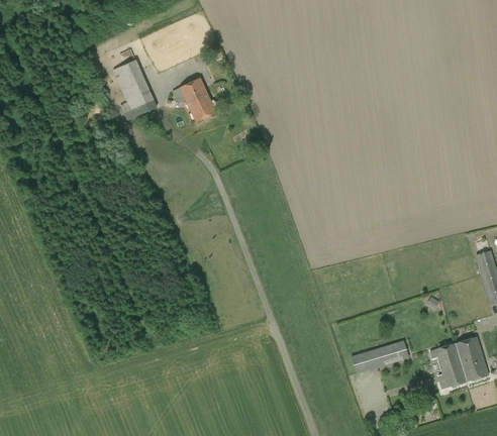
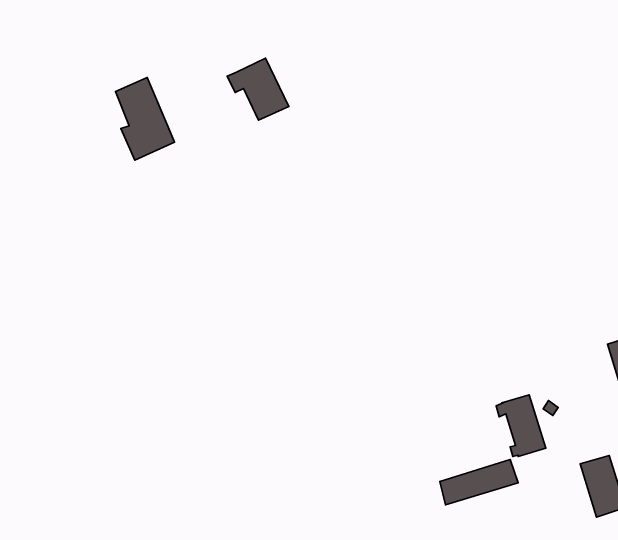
building: [172,78,217,123] -> [227,58,289,120]
building: [430,343,467,389] -> [496,395,546,457]

